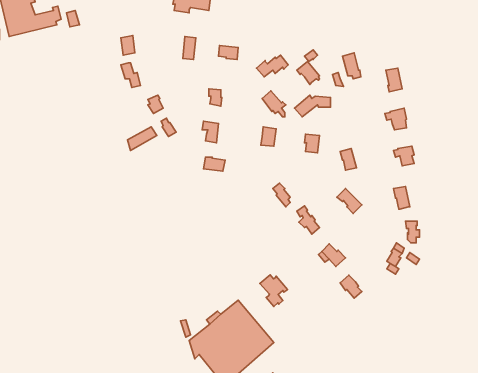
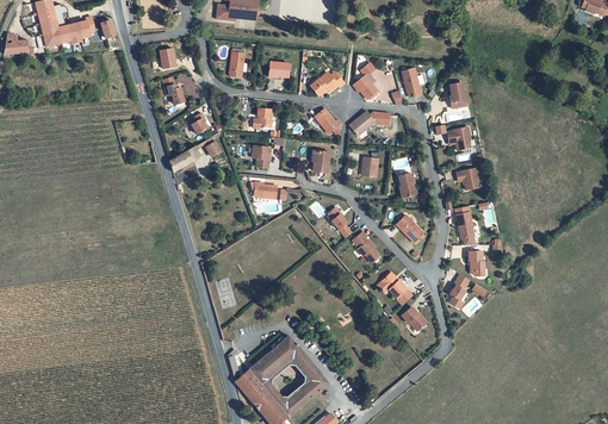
building: [260,275,288,306] -> none

